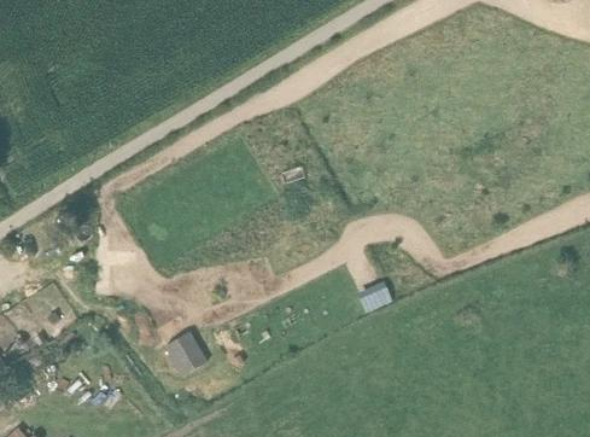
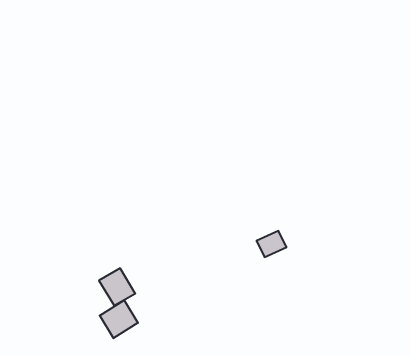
building: none -> [100,300,138,338]

